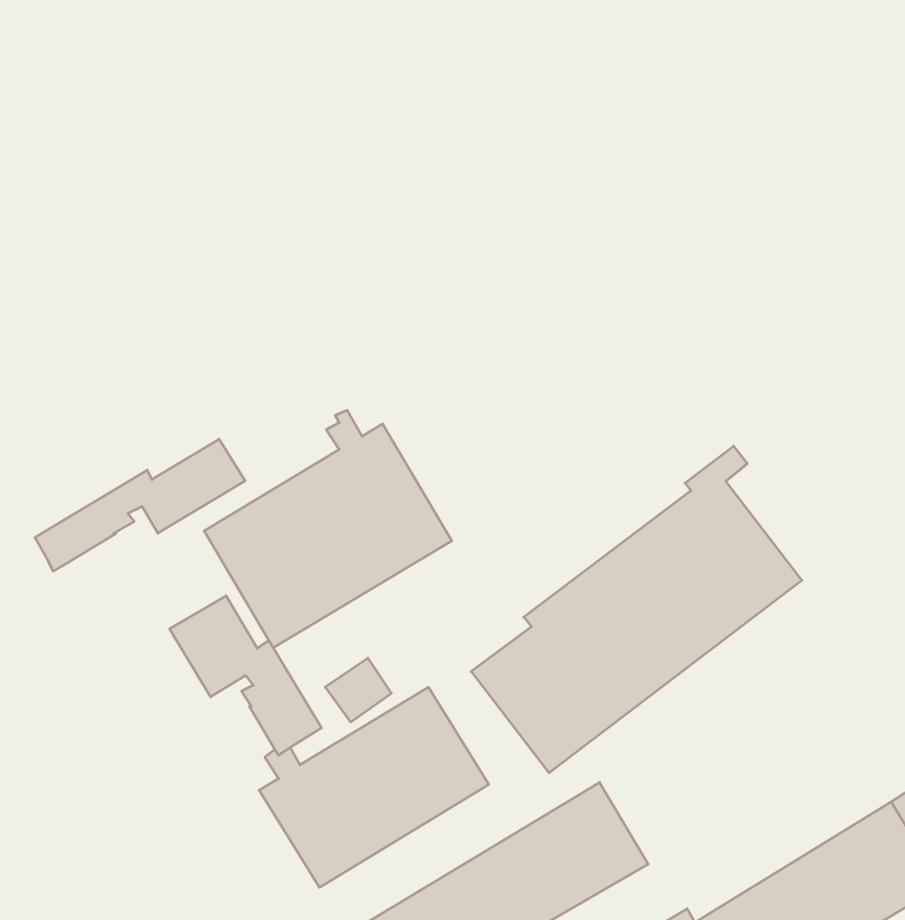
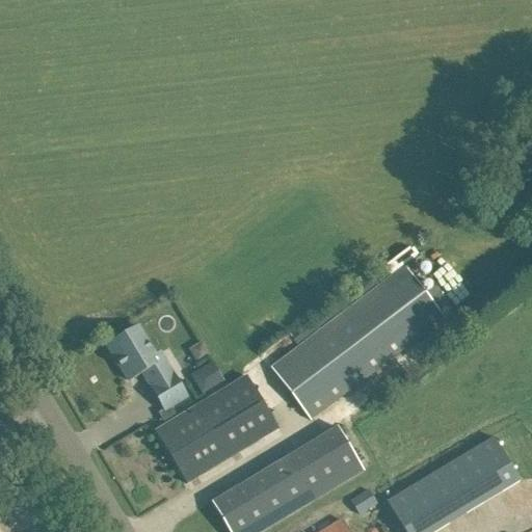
building: [204,410,452,648] -> none
building: [35,439,245,571] -> none

